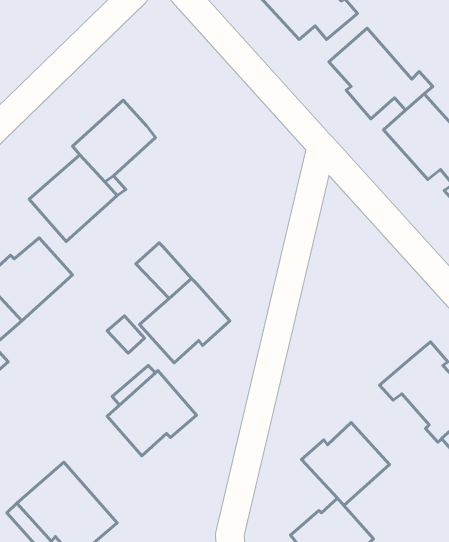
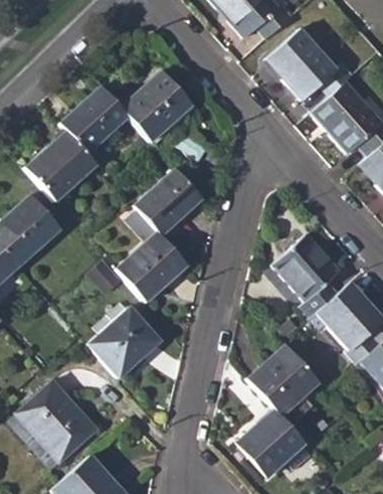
building: none -> [121,73,193,142]
building: none -> [134,169,202,235]
building: none -> [273,235,340,318]

